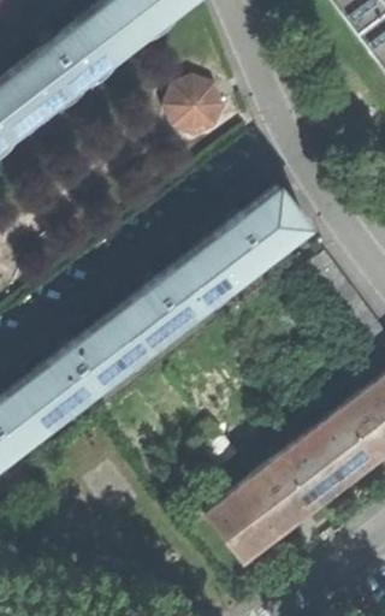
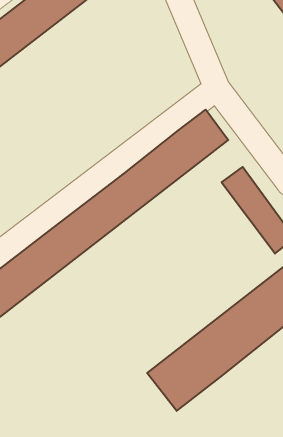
building: [170,78,225,134] -> none

